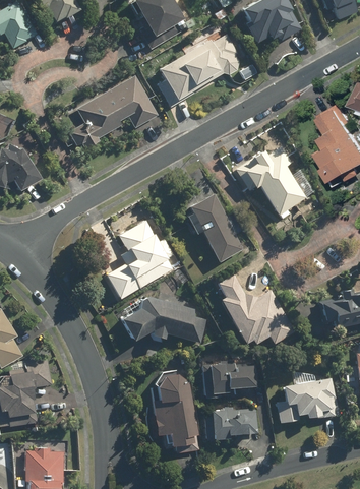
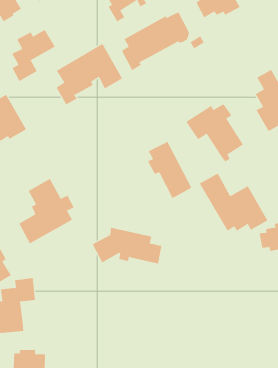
building: none -> [12,29,55,82]
building: [106,220,174,300] -> [19,178,75,244]
building: [209,274,294,346] -> [199,173,268,231]
building: [204,361,255,401] -> none
building: [154,373,197,447] -> none
building: [276,376,338,423] -> none
building: [204,410,255,439] -> none

